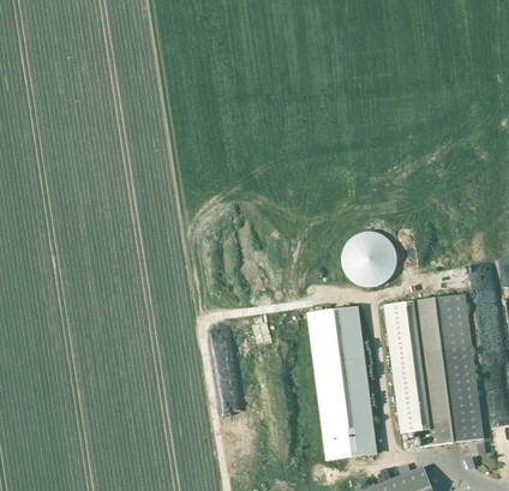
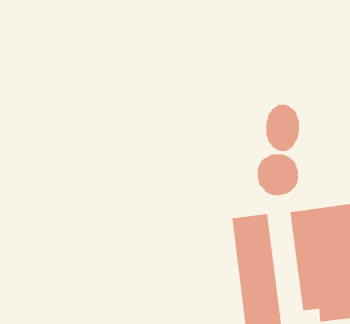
building: none -> [266,104,299,152]

